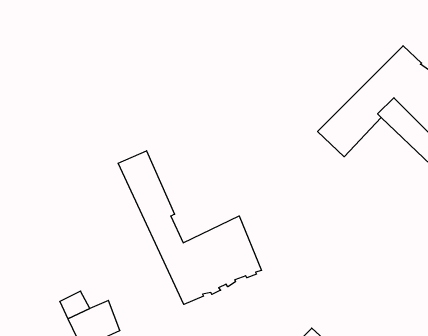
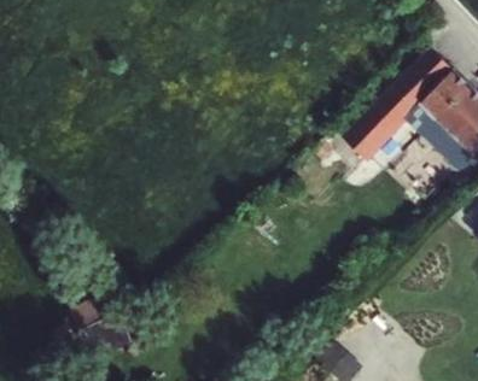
building: [118,151,262,304] -> none

